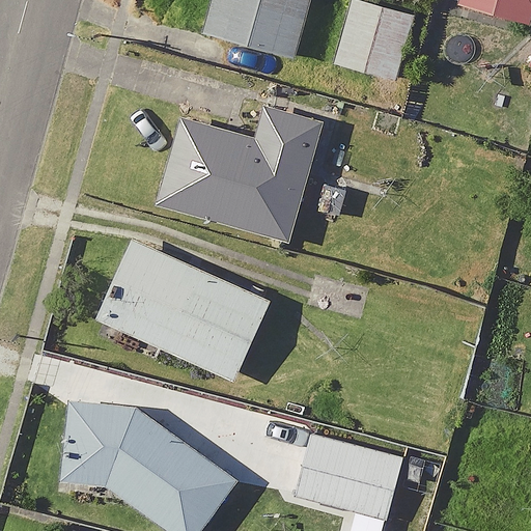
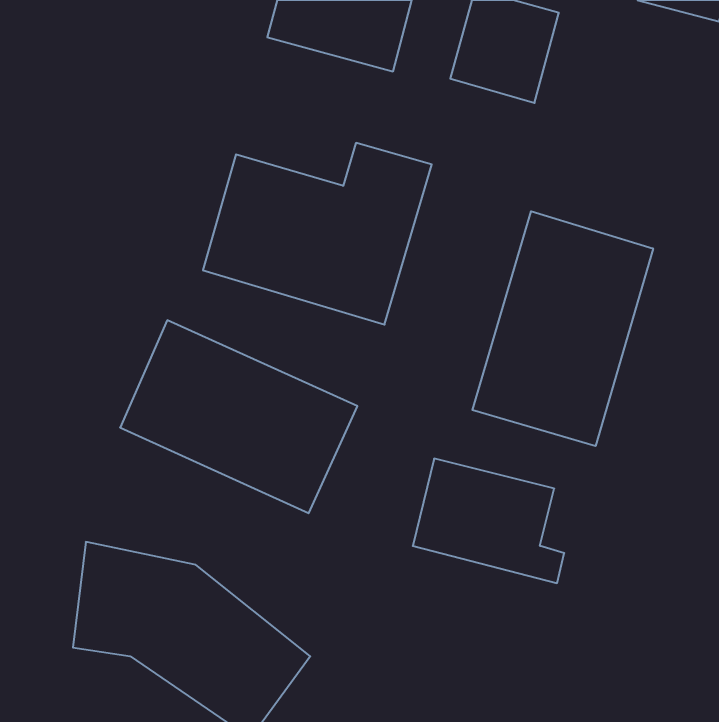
building: none -> [472,211,653,446]
building: [298,432,408,523] -> [413,459,564,583]

